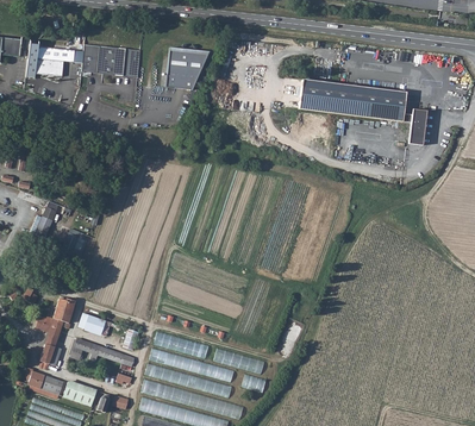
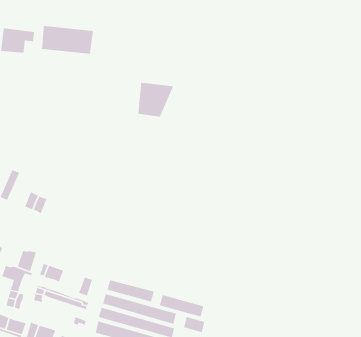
building: [165,49,207,89] -> [137,82,174,117]
building: [299,79,427,145] -> none

